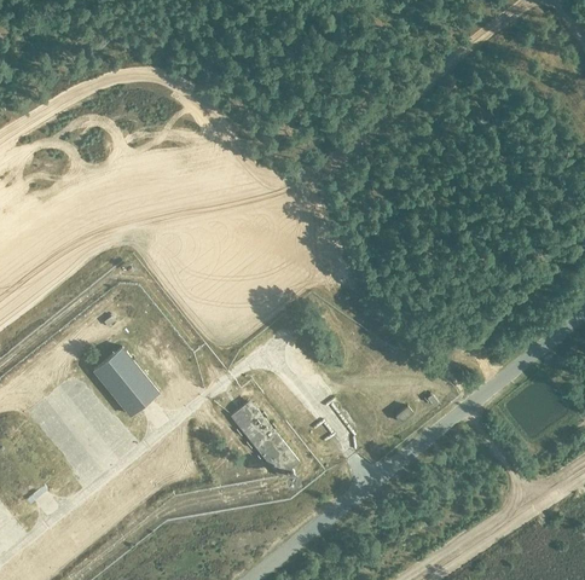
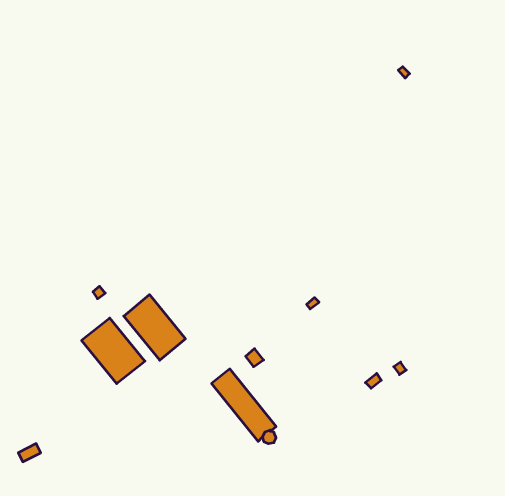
building: none -> [124,295,185,360]

